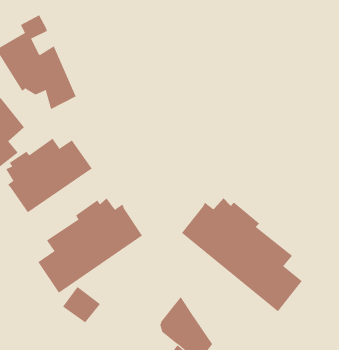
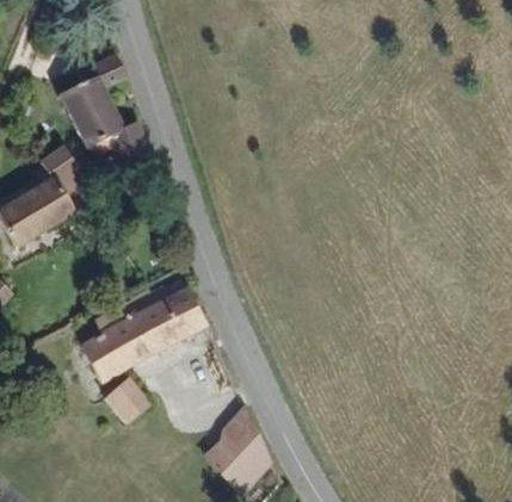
building: [5,138,92,213] -> none
building: [181,197,303,312] -> none

